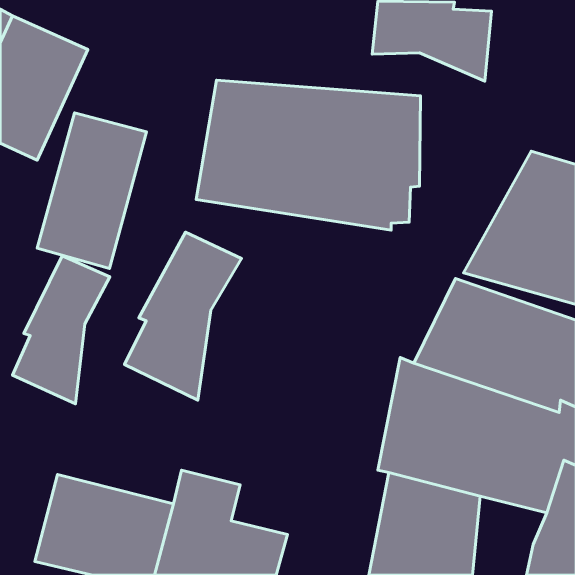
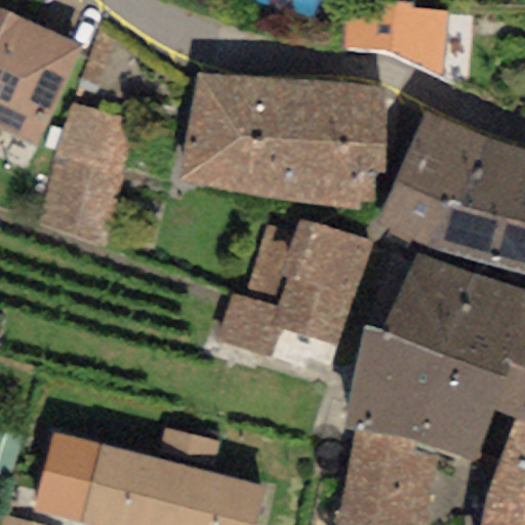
building: none -> [378,111,484,248]
building: [124,232,241,400] -> none
building: none -> [216,221,369,356]
building: [12,256,110,404] -> none

